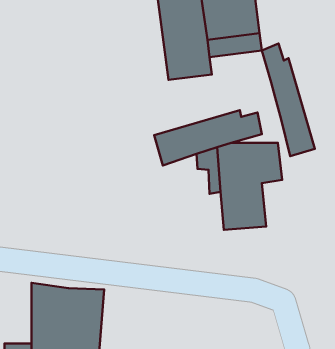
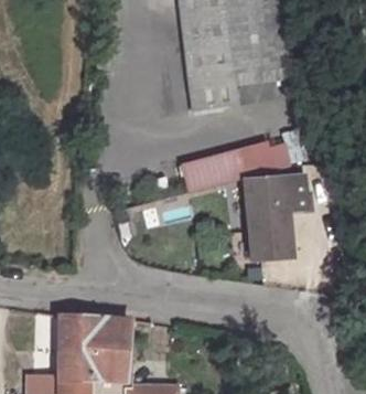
building: [262,44,315,156] -> none

